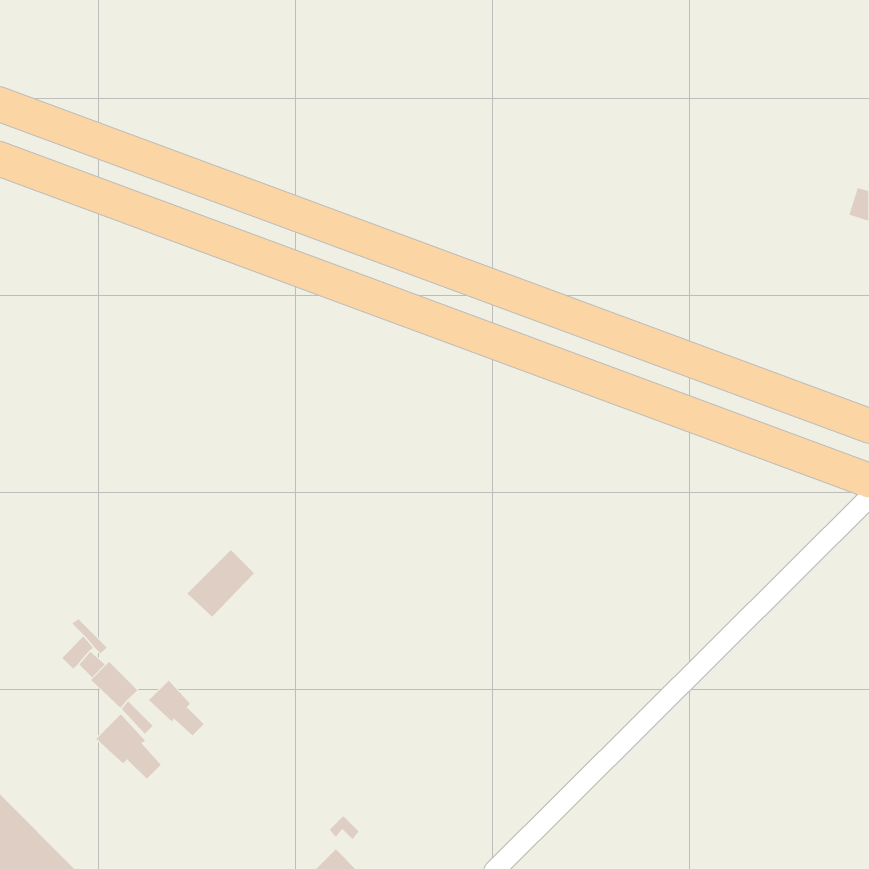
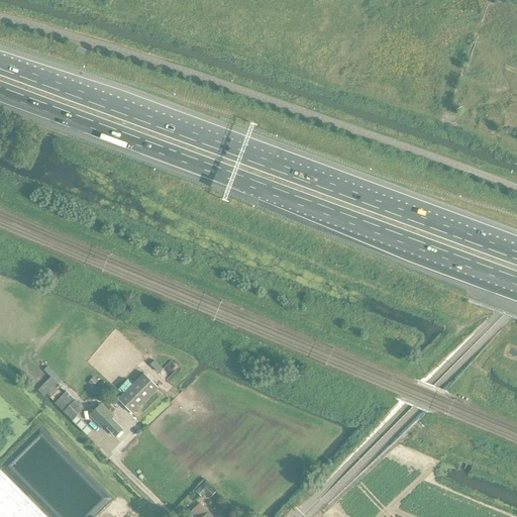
building: [187,549,255,617] -> [116,374,157,414]
building: [96,714,162,780] -> none

